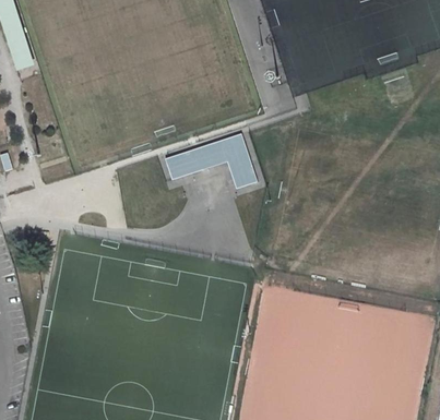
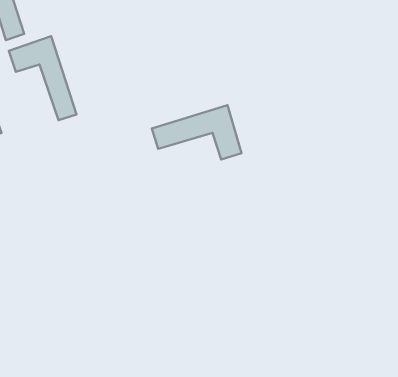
building: none -> [9,36,77,120]

